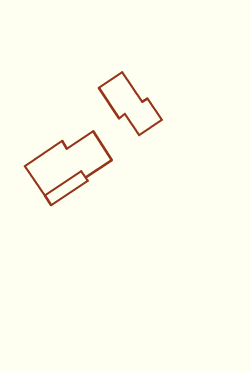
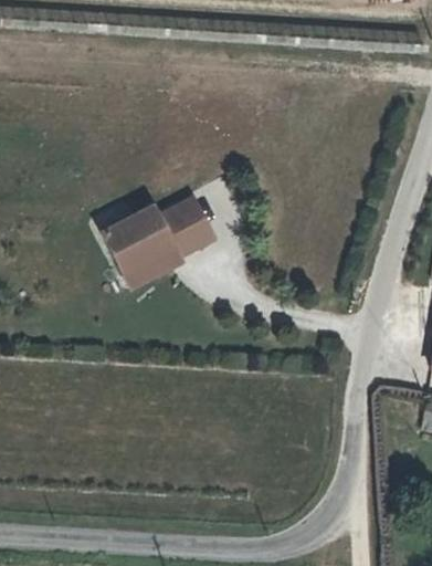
building: [99,72,162,135] -> none

